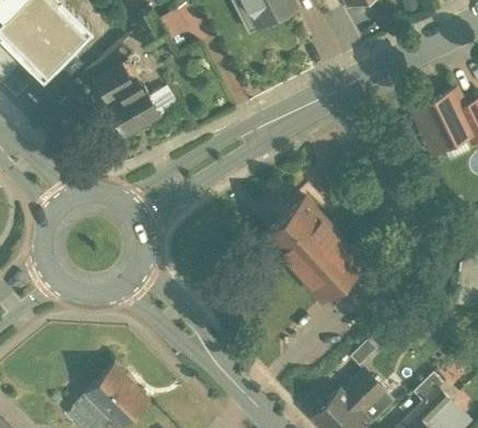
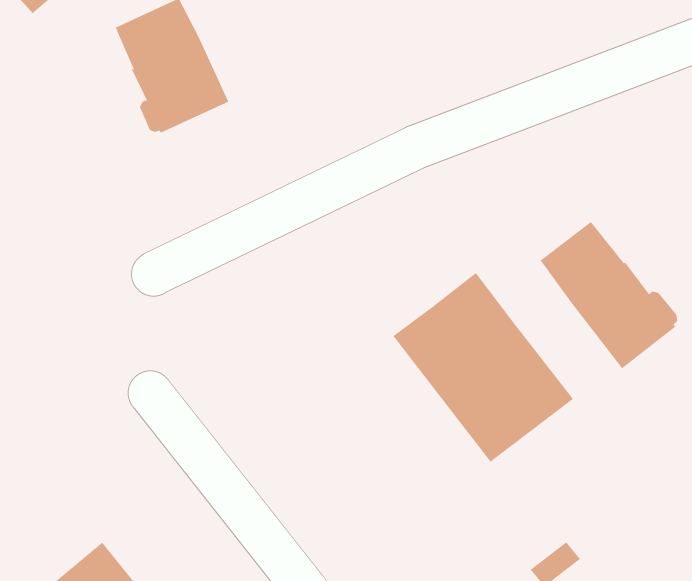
building: none -> [540,221,677,369]

